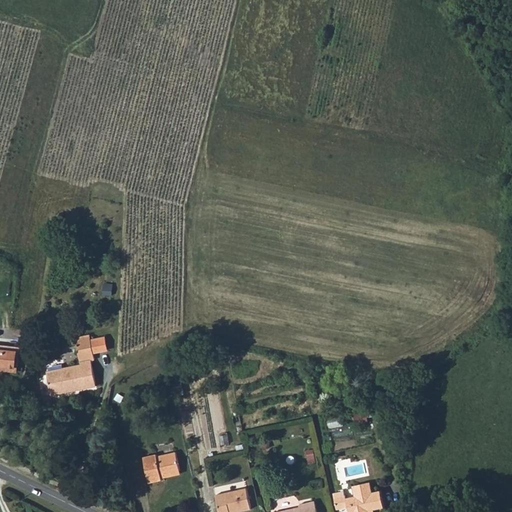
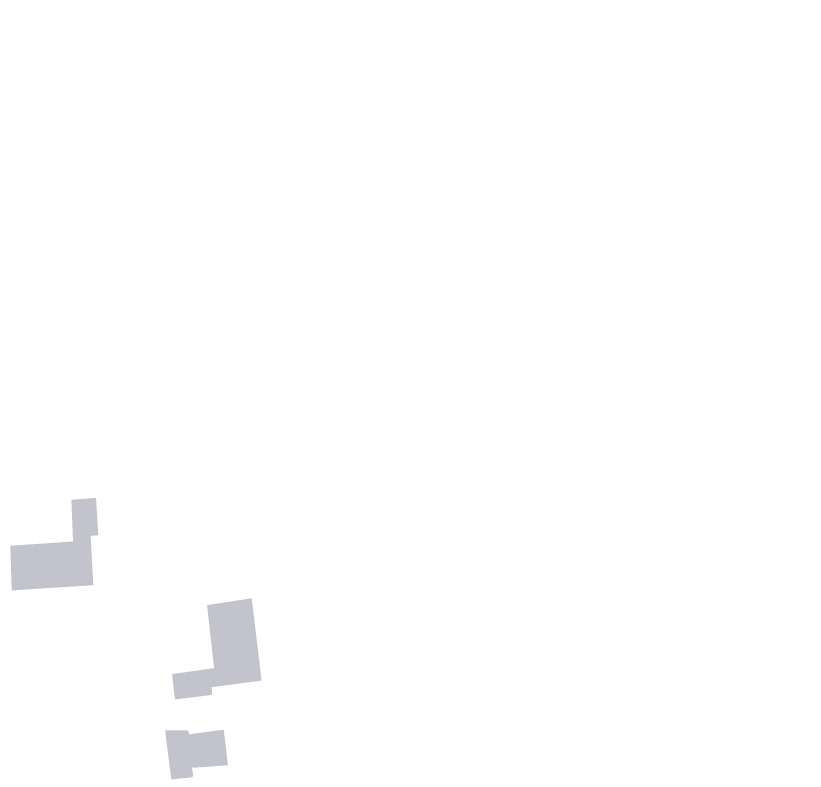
building: none -> [172,597,262,700]

